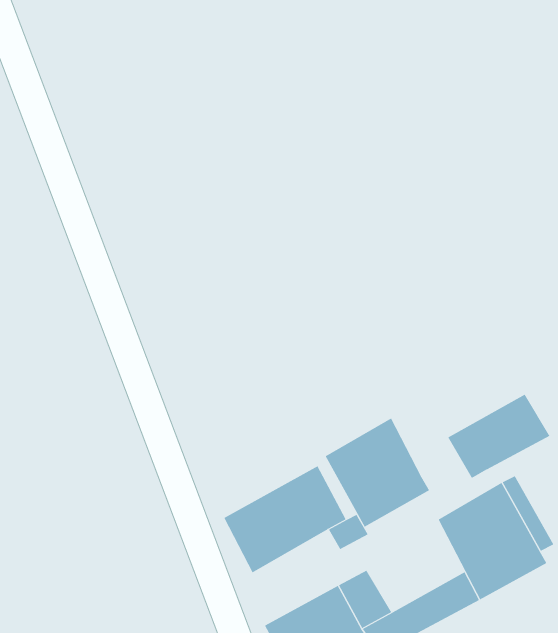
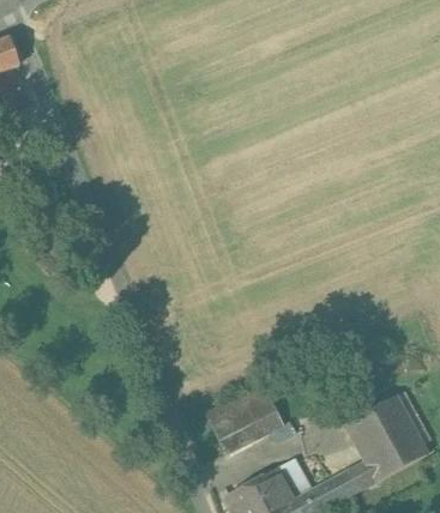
building: [447,394,550,479] -> none
building: [325,417,430,528] -> none

